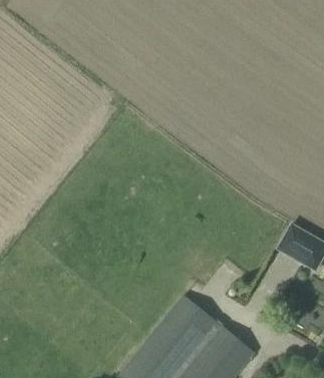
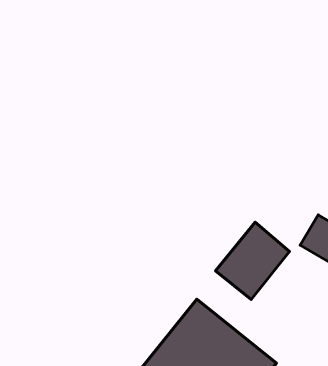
building: none -> [215,222,290,300]

